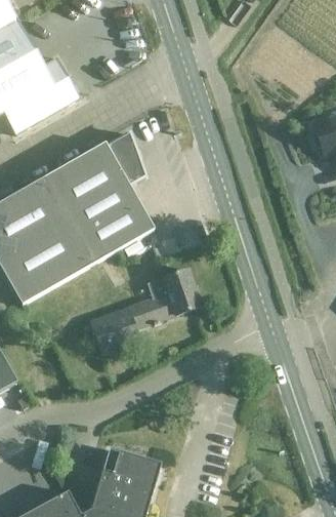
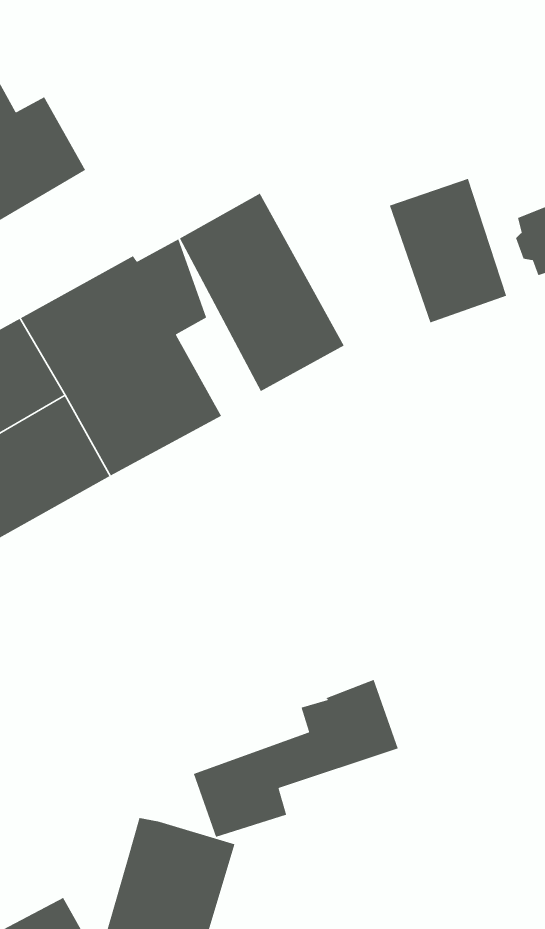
building: none -> [389,178,507,323]
building: none -> [179,192,345,392]
building: [89,267,201,353] -> [193,679,399,838]

